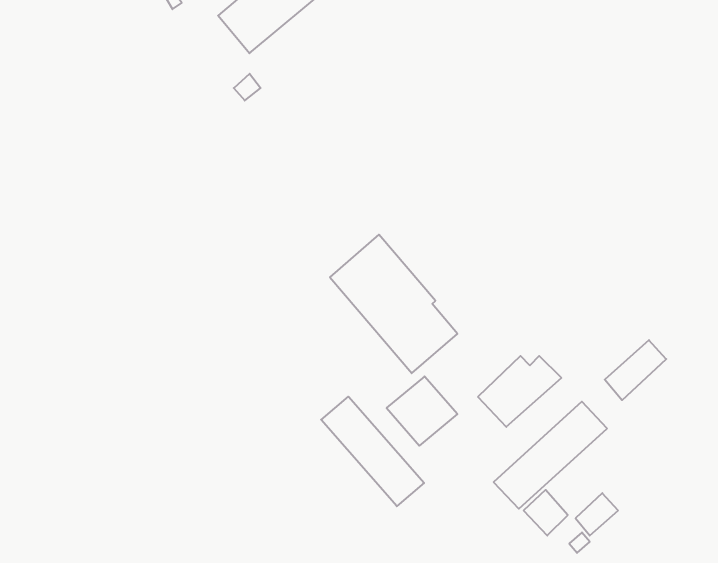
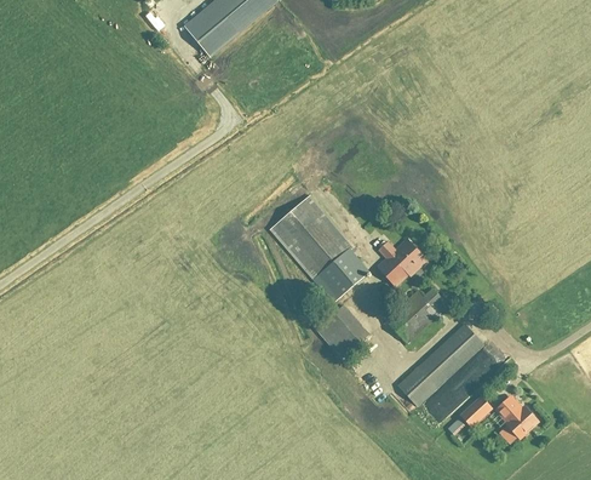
building: none -> [377,238,426,285]
building: [605,340,666,400] -> [441,358,488,404]
building: [321,397,424,506] -> none
building: none -> [497,395,538,436]

